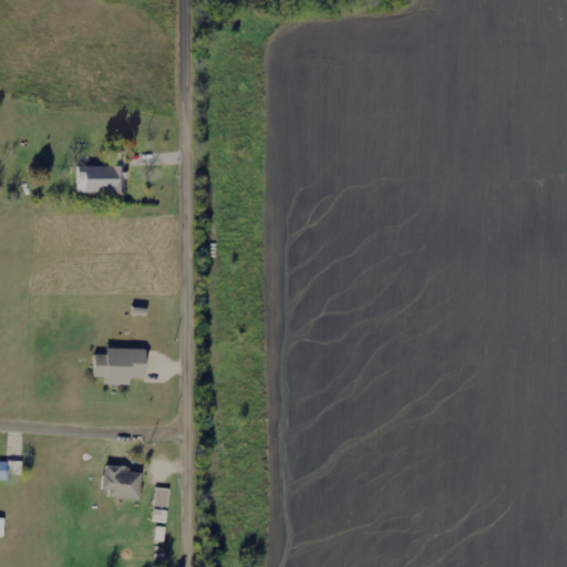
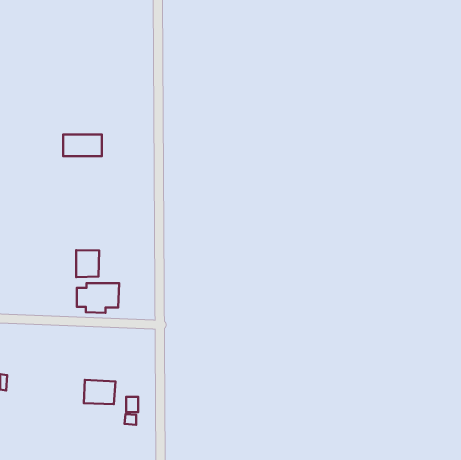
building: none -> [76,250,99,277]

